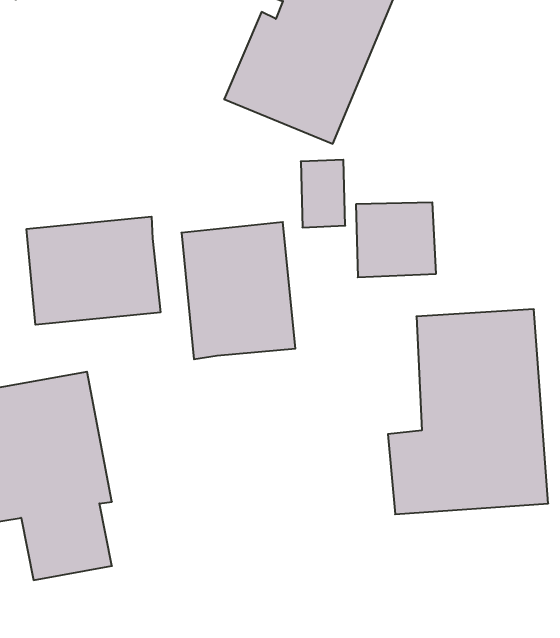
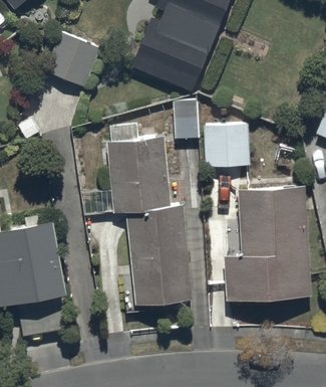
building: none -> [44,30,100,86]
building: [27,217,160,325] -> none
building: none -> [126,205,194,305]

